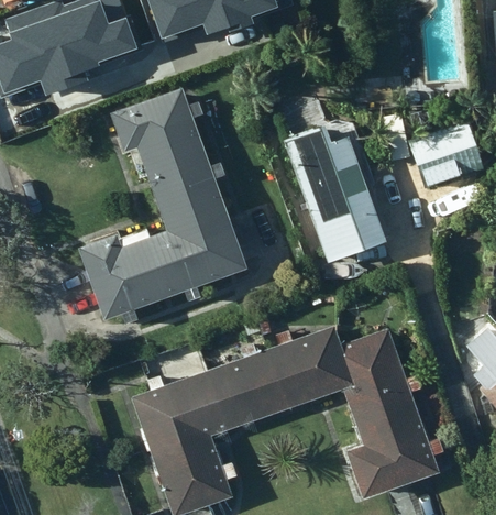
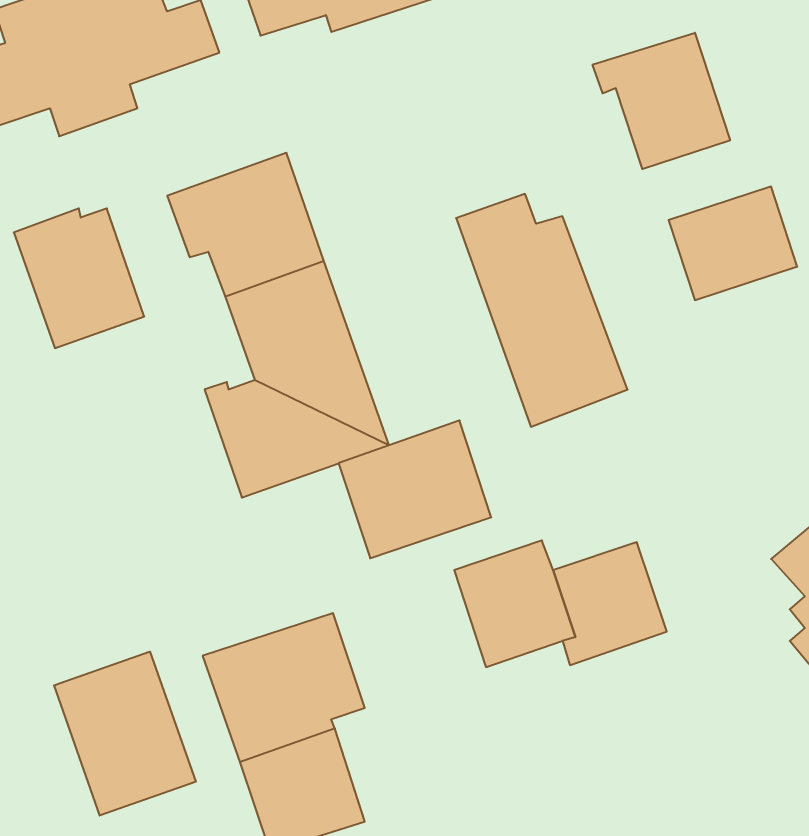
building: none -> [593,33,730,169]
building: [80,239,157,321] -> [14,208,144,348]
building: [211,346,301,427] -> [338,420,491,558]
building: [349,382,439,496] -> none
building: none -> [54,652,196,816]

